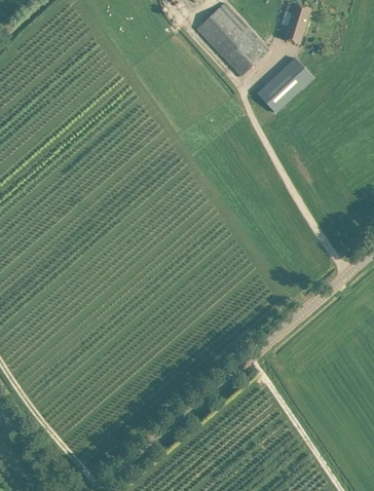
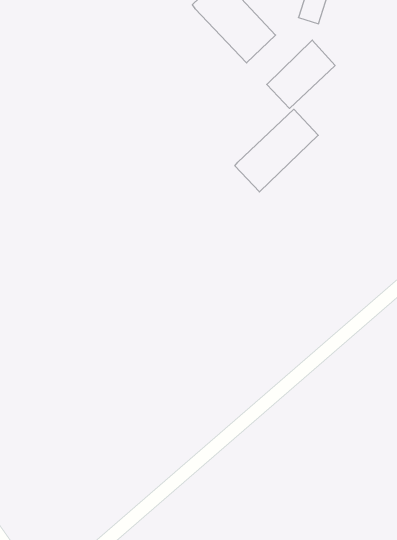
building: none -> [235,109,318,192]

